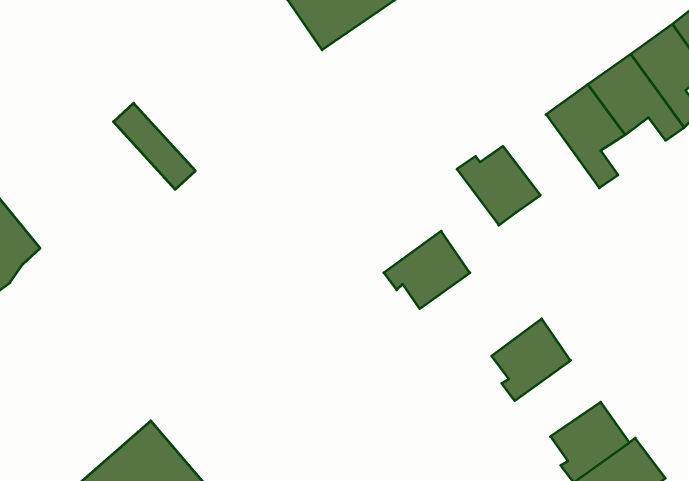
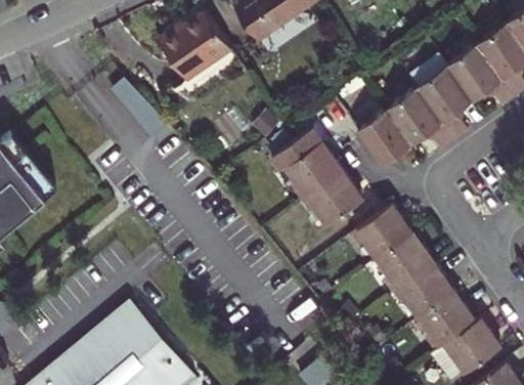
building: none -> [158,12,229,80]
building: none -> [385,88,453,151]
building: none -> [271,129,341,201]
building: none -> [351,205,412,260]
building: none -> [393,263,454,317]

